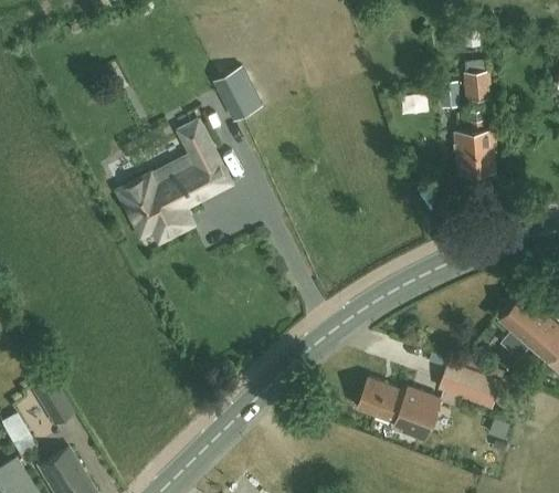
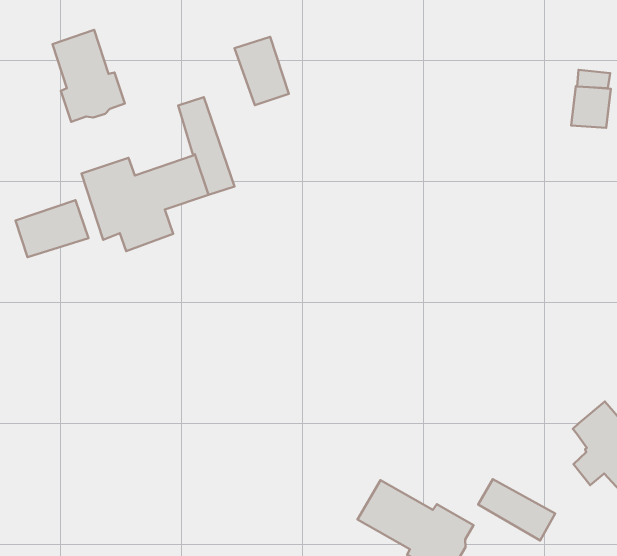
building: none -> [52,30,125,122]
building: [454,118,495,174] -> none
building: none -> [15,200,88,257]

